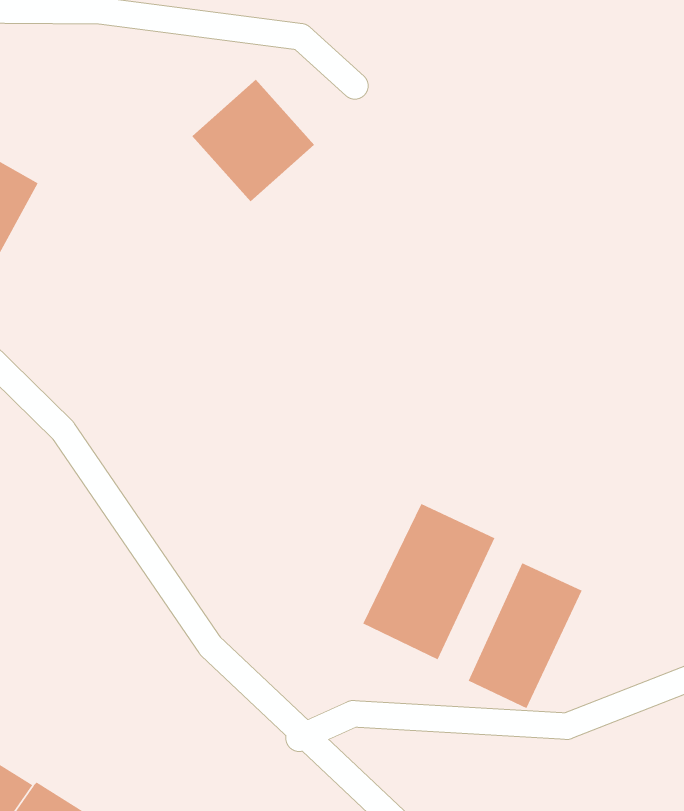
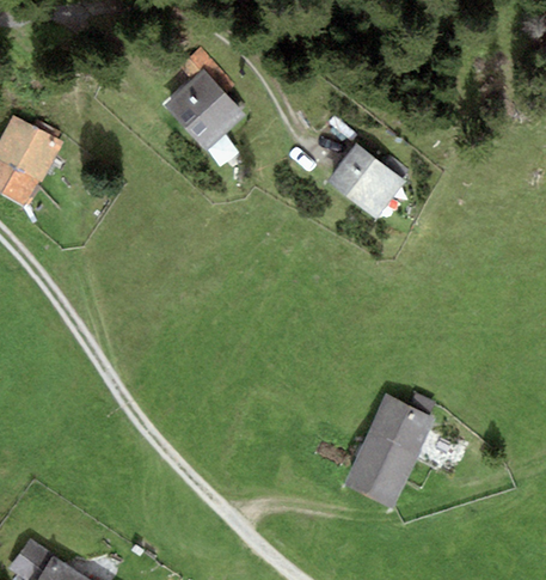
building: none -> [320,144,406,227]
building: [362,503,495,660] -> none

